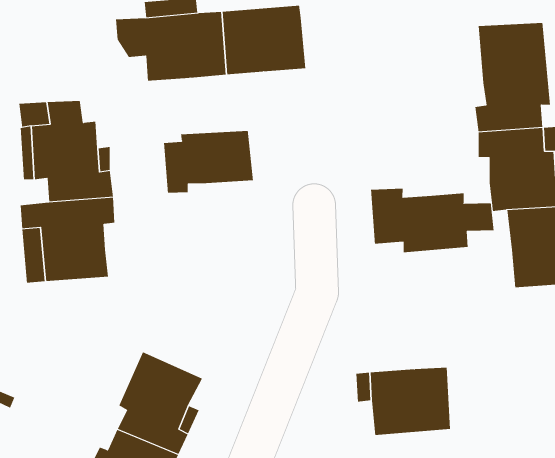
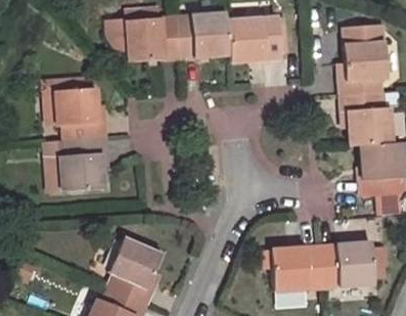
building: none -> [226,17,280,60]
building: [163,130,254,193] -> none
building: [370,188,494,253] -> none
building: none -> [320,242,373,286]

